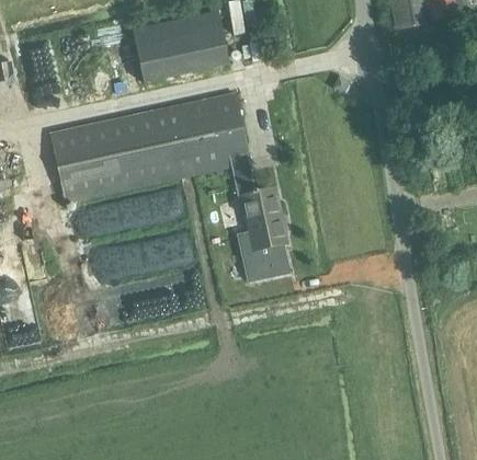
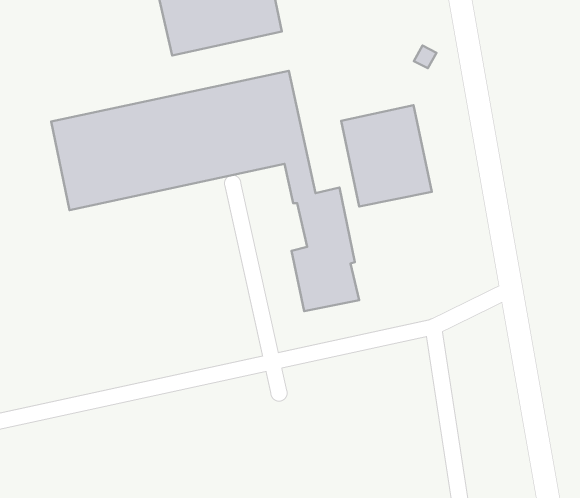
building: none -> [341,105,432,207]

